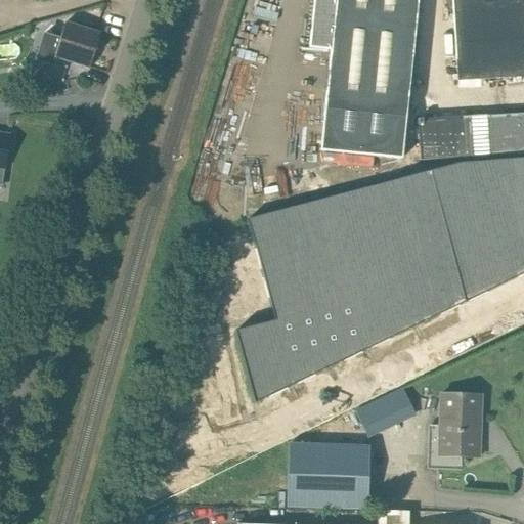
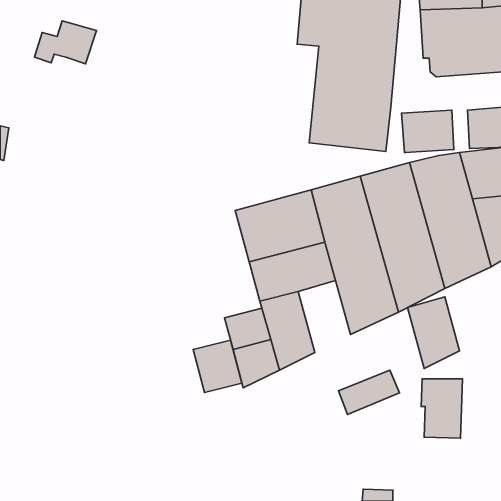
building: [312,292,366,366] -> [407,297,460,369]
building: none -> [193,340,242,392]
building: [289,443,370,508] -> none

